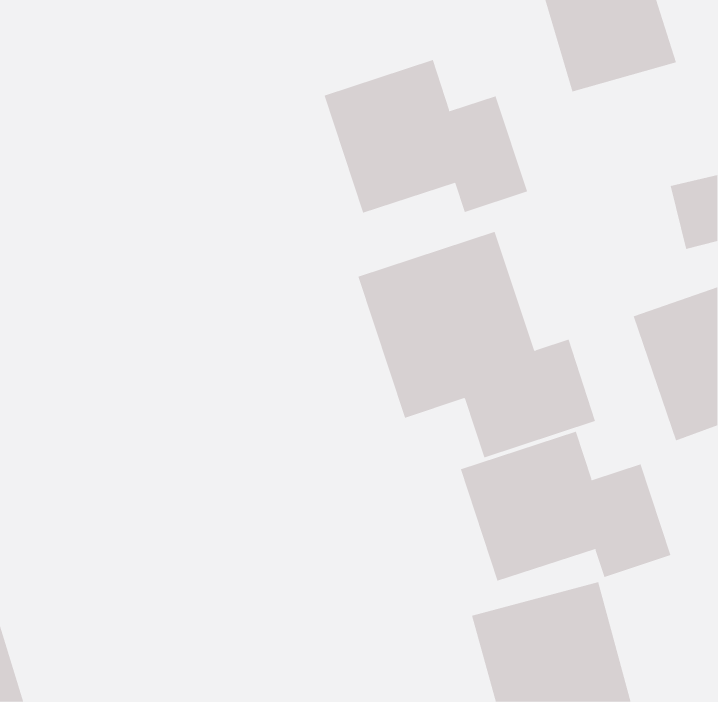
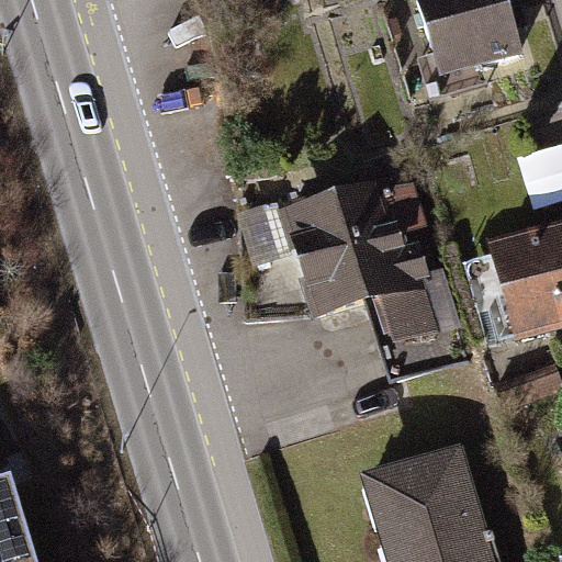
building: [324,59,528,214] -> none
building: [460,431,671,582] -> none

